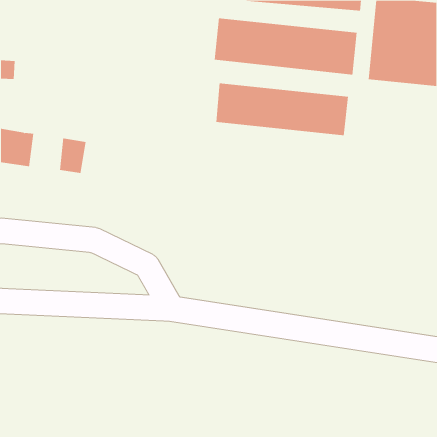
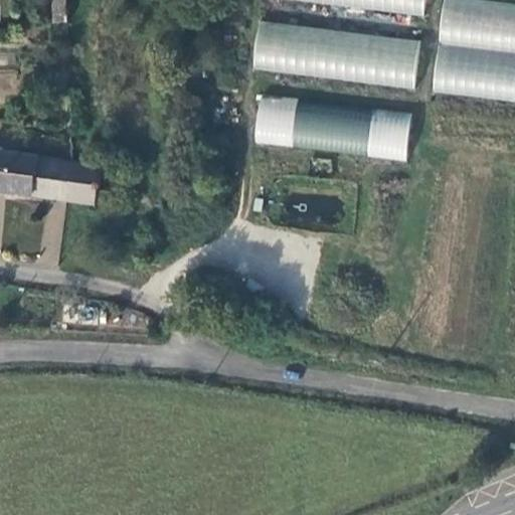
building: none -> [35,157,73,200]

